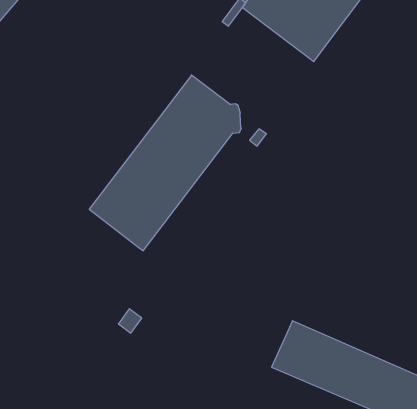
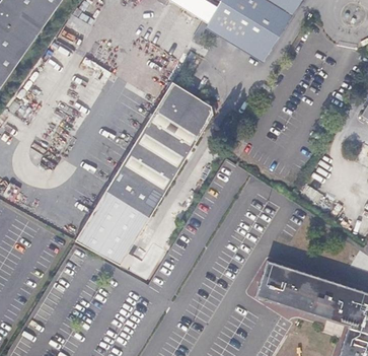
building: none -> [74,190,149,269]

